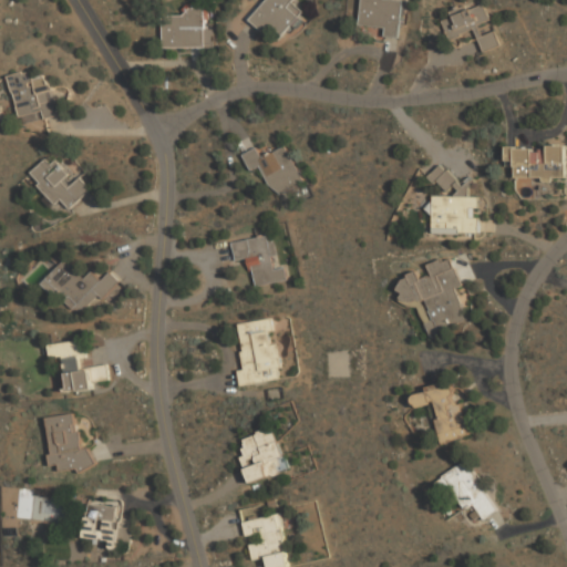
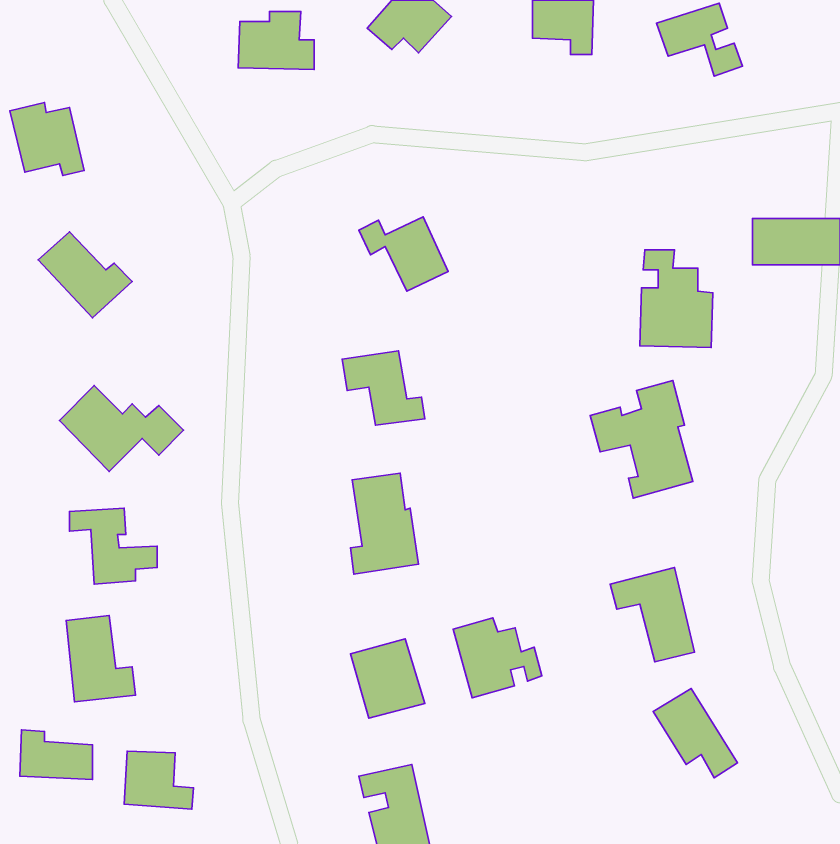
building: none -> [453,618,542,698]

